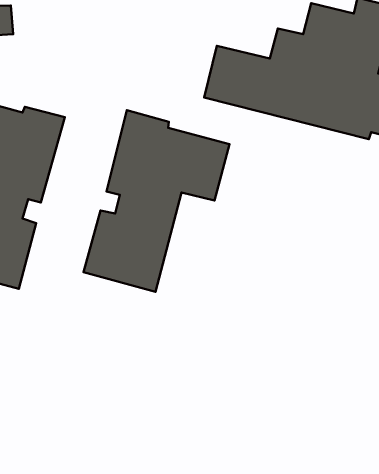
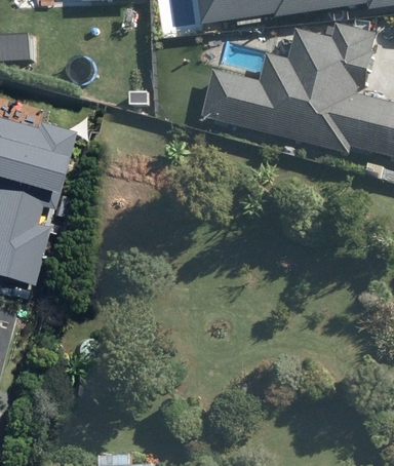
building: [84,110,230,292] -> none

